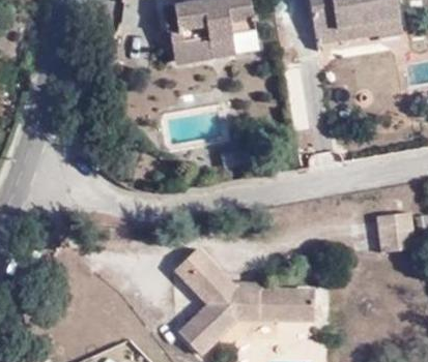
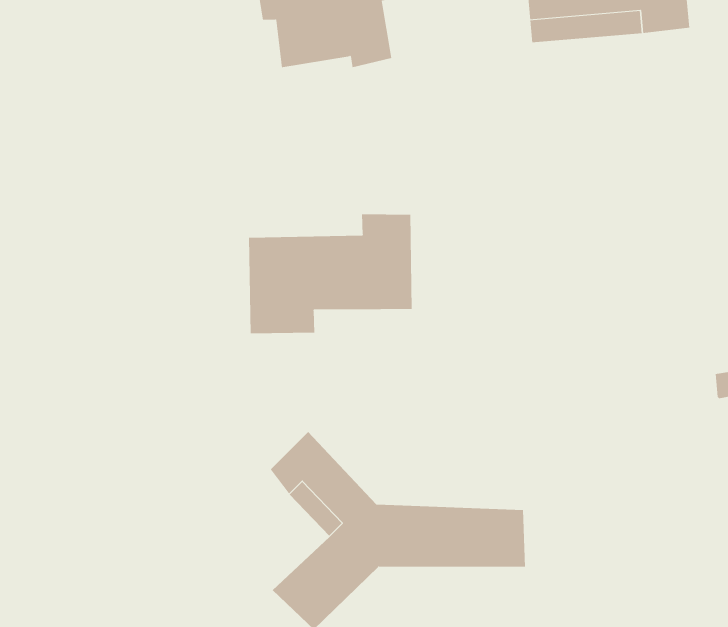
building: none -> [249,214,412,334]
building: [372,213,409,251] -> none

